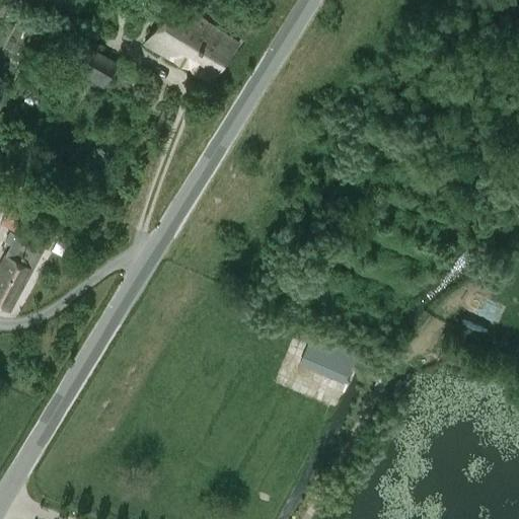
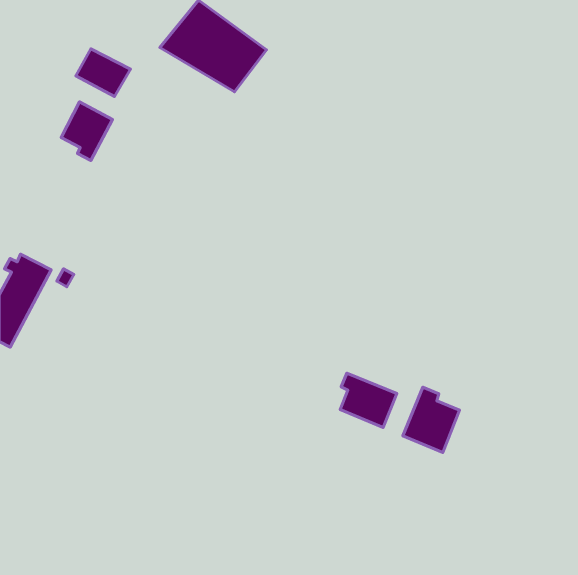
building: none -> [61,102,112,160]
building: none -> [403,387,460,452]

